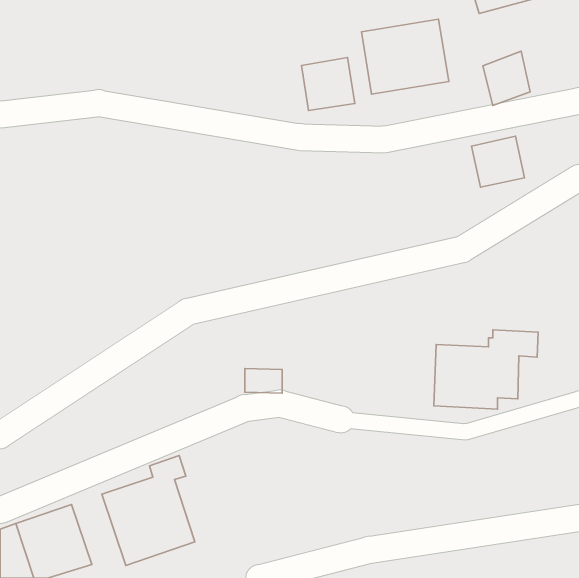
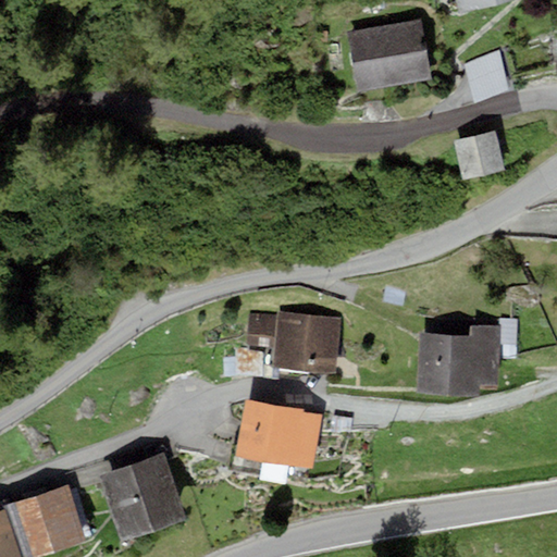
building: [301,58,355,110] -> none
building: none -> [247,310,342,372]
building: none -> [227,398,323,480]

